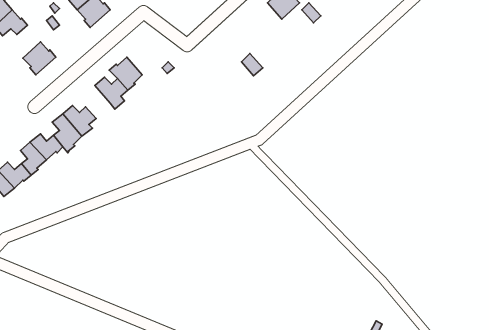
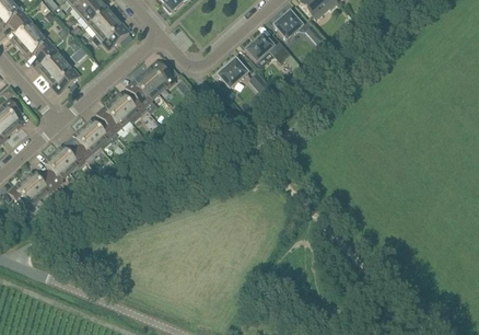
building: none -> [245,33,290,67]
building: none -> [33,45,63,76]
building: none -> [218,57,247,88]
building: none -> [143,60,174,91]
building: none -> [97,101,132,136]

